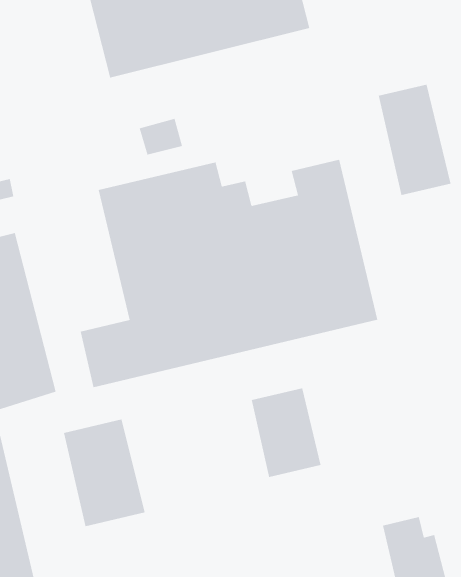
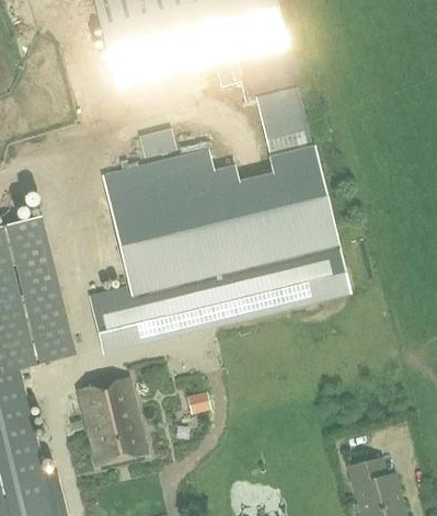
building: [378,84,451,196] -> none
building: [251,388,321,478] -> none

